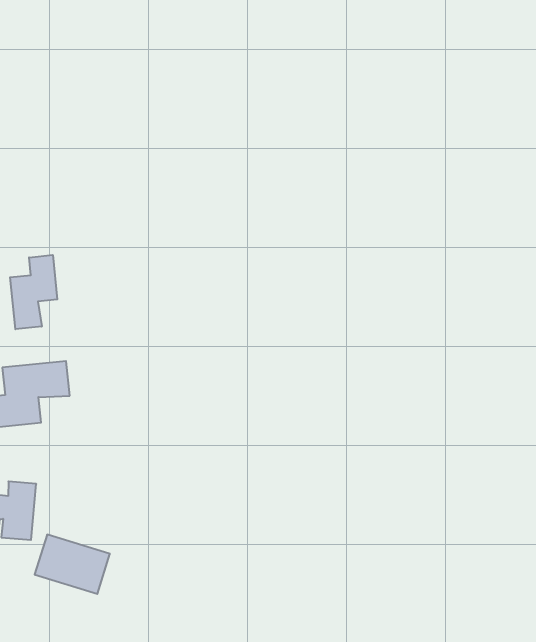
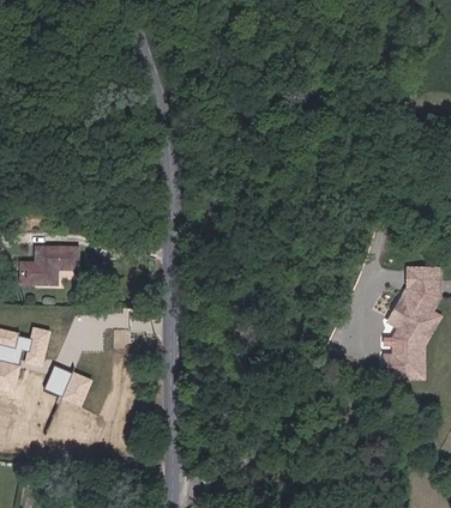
building: [10,255,57,329] -> none

